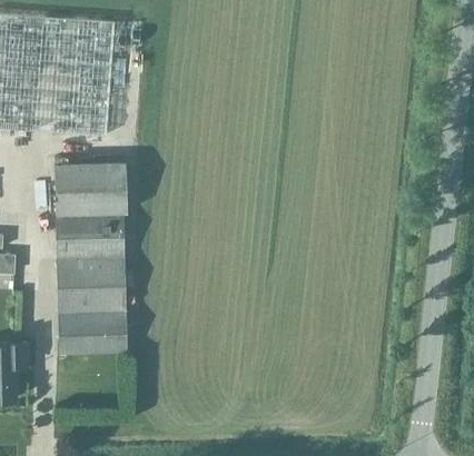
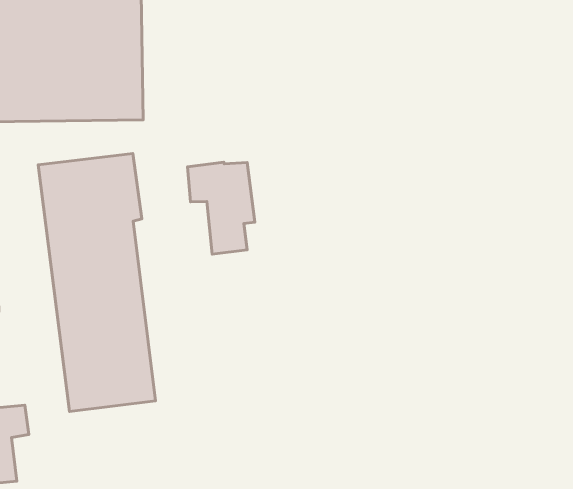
building: none -> [188,162,255,254]

